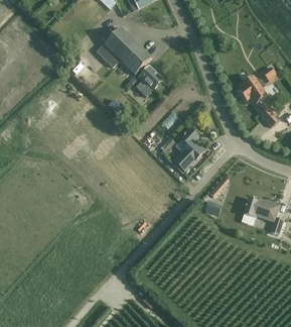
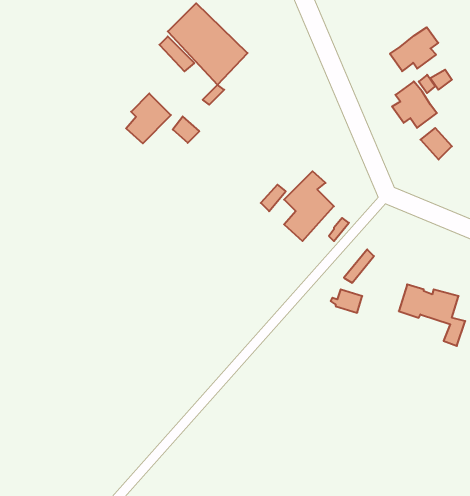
building: none -> [390,27,438,71]
building: [135,66,162,96] -> [126,93,171,143]

